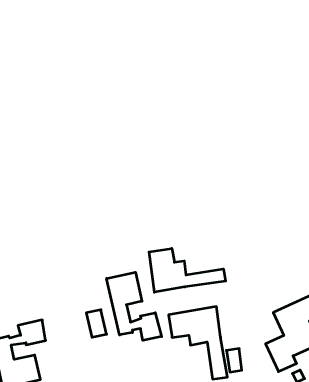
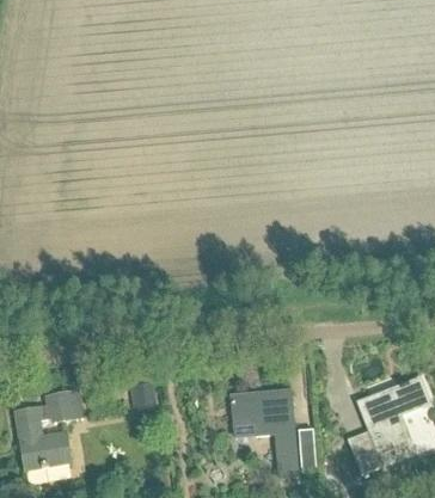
building: [149,248,226,292] -> none
building: [107,272,162,340] -> none

